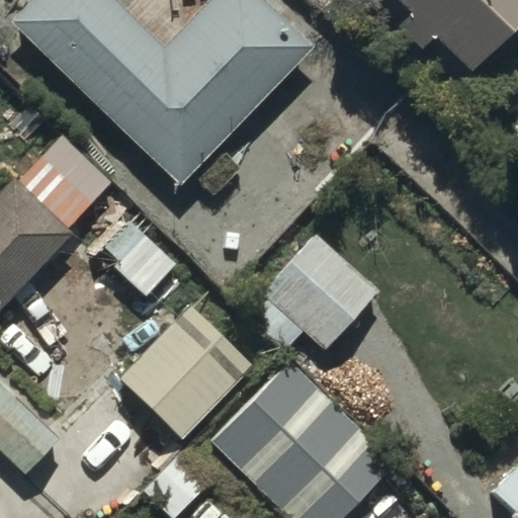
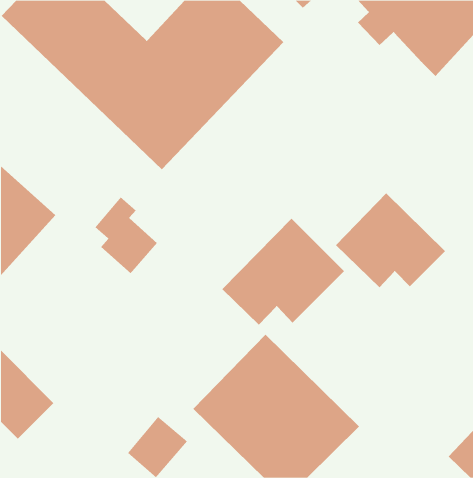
building: none -> [335,193,446,288]
building: [118,304,252,436] -> none

